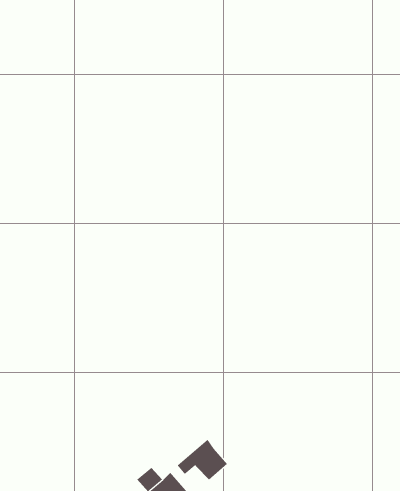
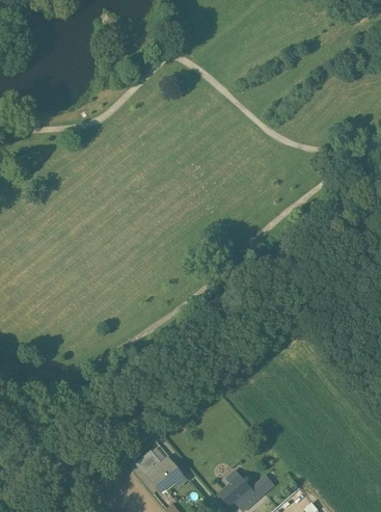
building: [177,439,228,480] -> none

